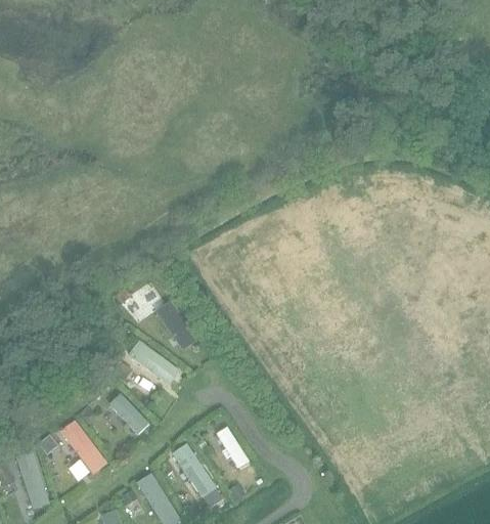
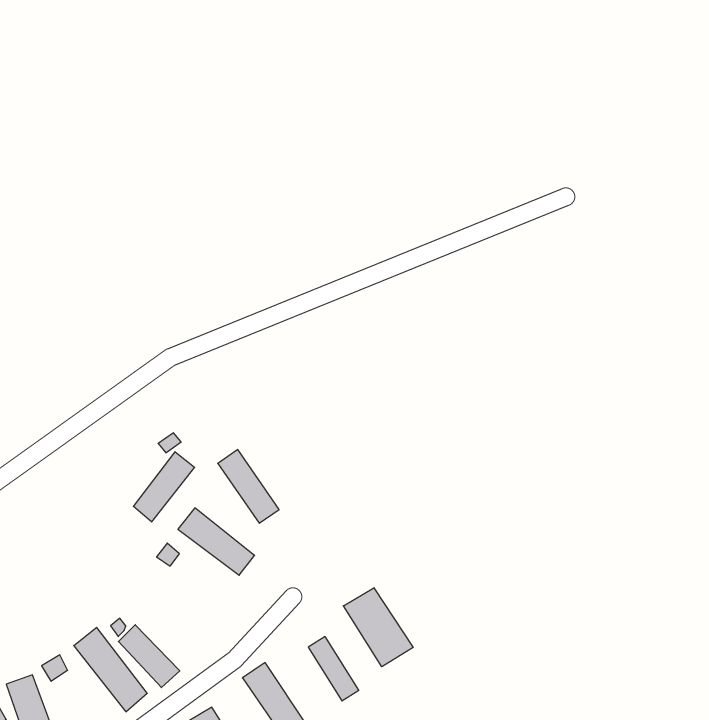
building: none -> [133,452,195,522]
building: [109,394,150,436] -> [118,625,180,688]
building: none -> [343,588,413,667]

